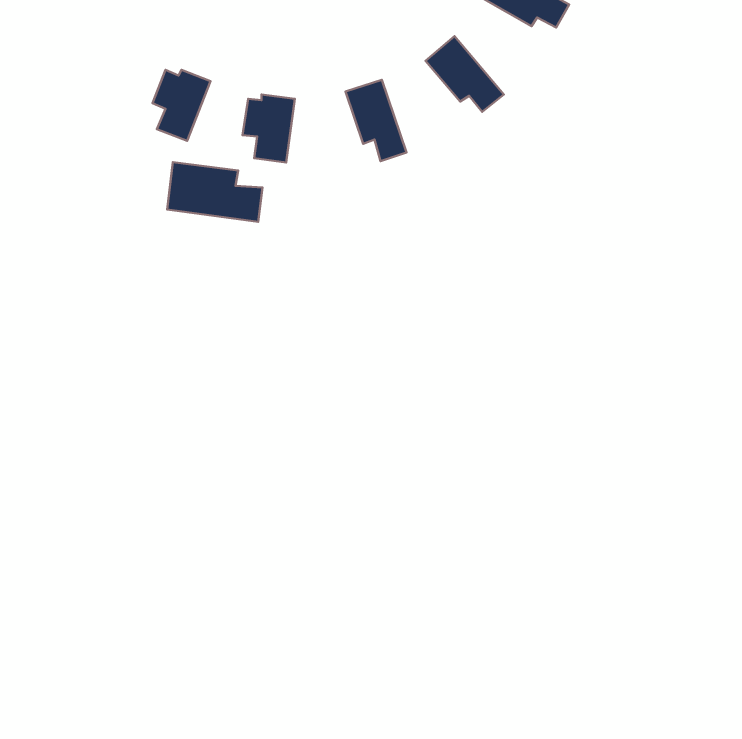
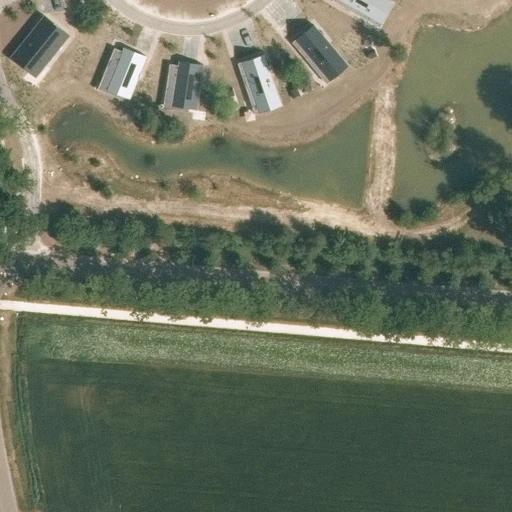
building: none -> [11,16,68,76]
building: [167,162,263,222] -> none

